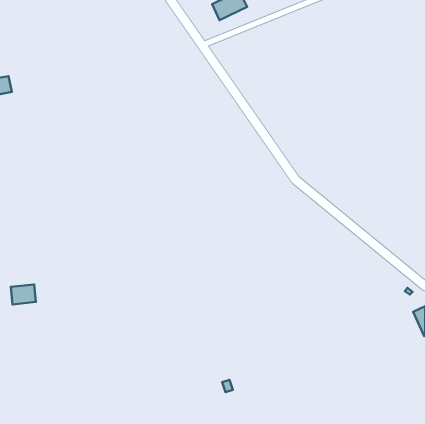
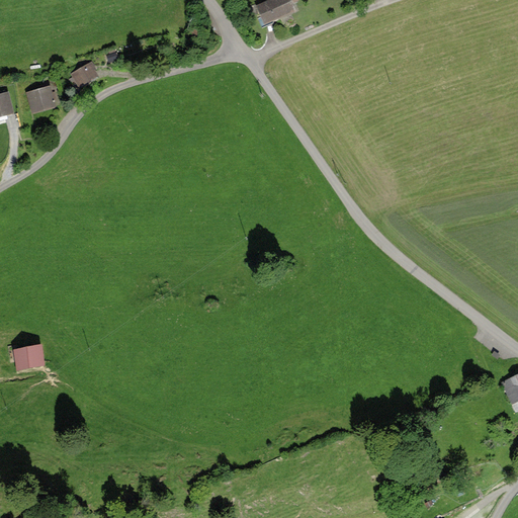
building: none -> [73,62,101,87]
building: none -> [26,86,56,111]

